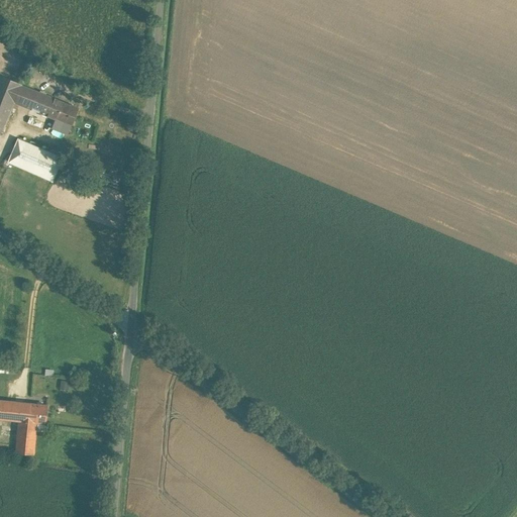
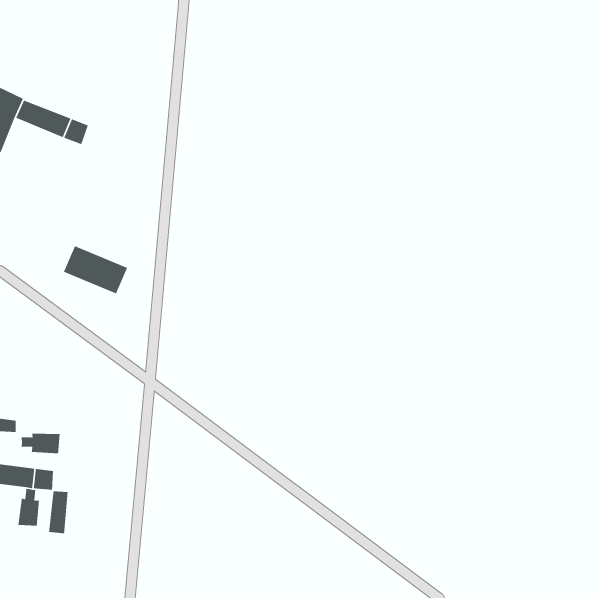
building: [6,138,63,181] -> [63,245,128,294]
building: none -> [21,433,61,454]
building: none -> [48,490,68,534]

